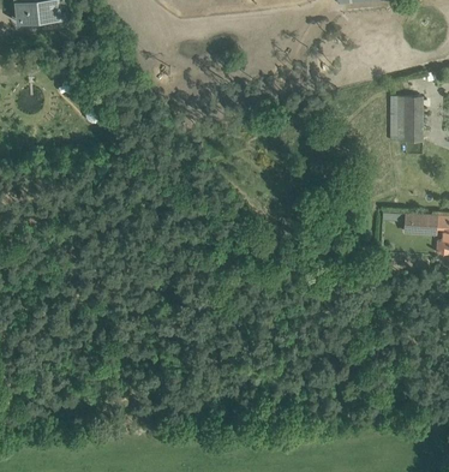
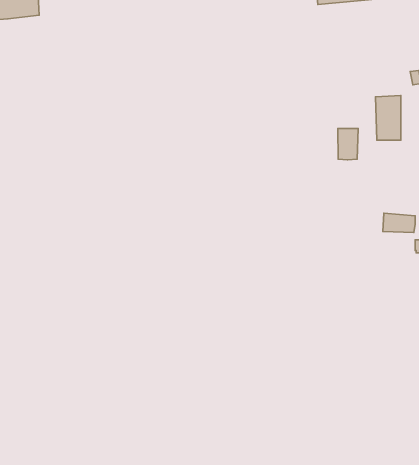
building: none -> [338,129,358,160]

